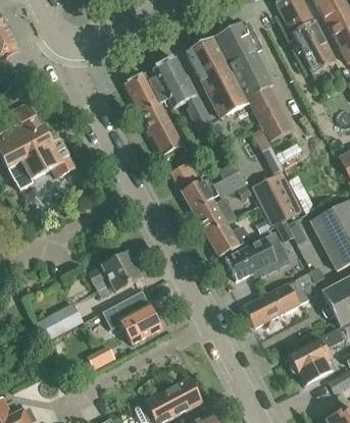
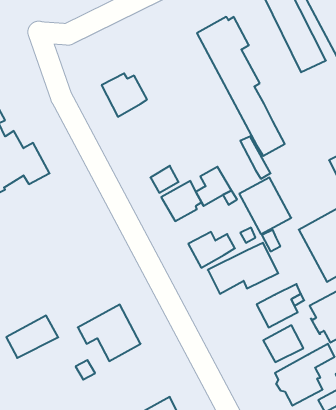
building: [186,37,247,116] -> none
building: [152,56,210,129] -> none
building: [140,102,184,155] -> none
building: [194,198,237,233] -> none
building: [88,251,142,292] -> none
building: [244,290,282,325] -> [263,325,303,362]

